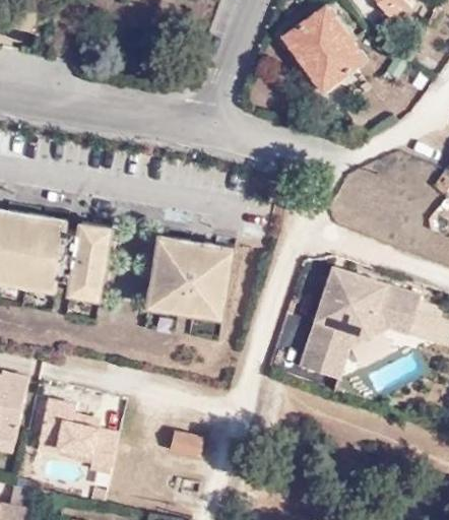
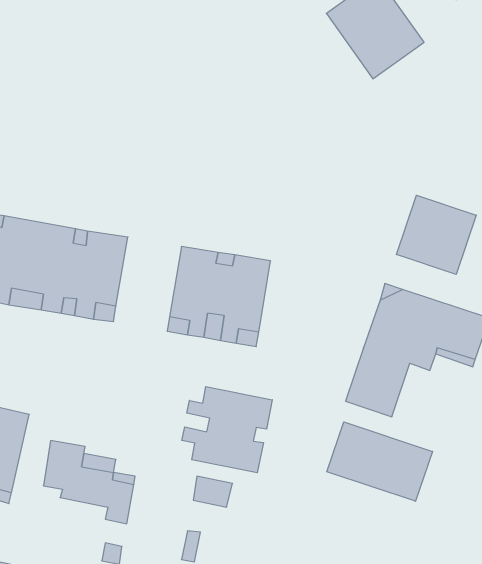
building: none -> [396,195,476,274]
building: none -> [182,387,272,473]
building: none -> [327,422,433,501]

